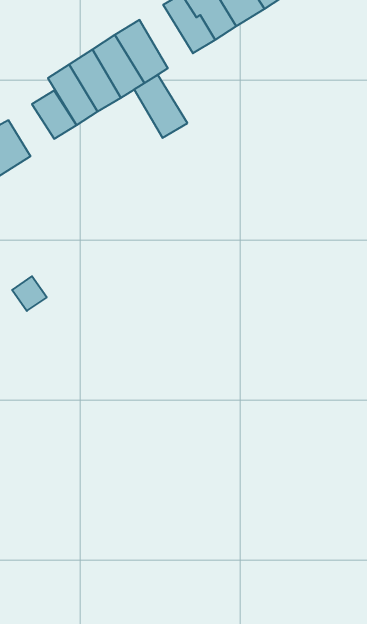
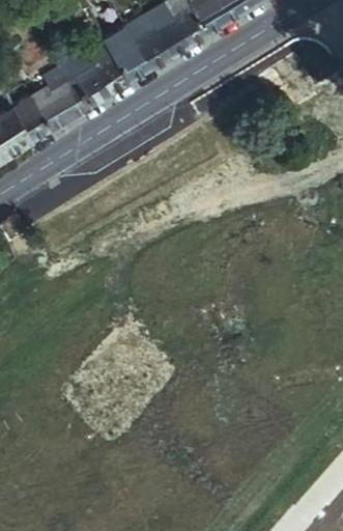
building: [134,75,187,138] -> [121,10,166,63]
building: none -> [11,93,50,137]

